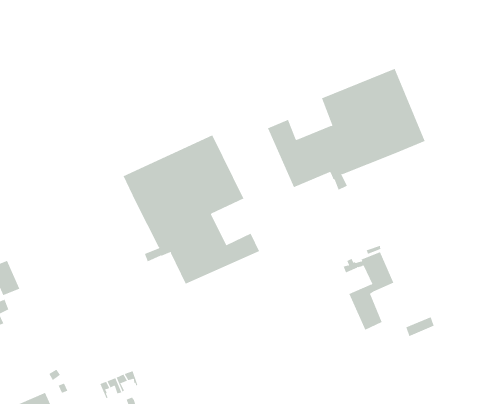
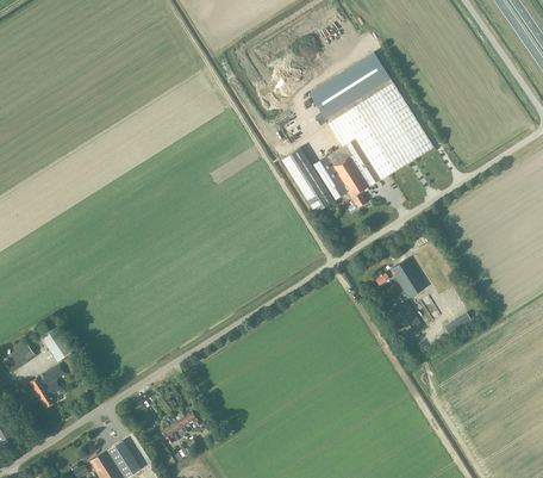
building: none -> [308,52,393,123]
building: [123,135,260,285] -> none

